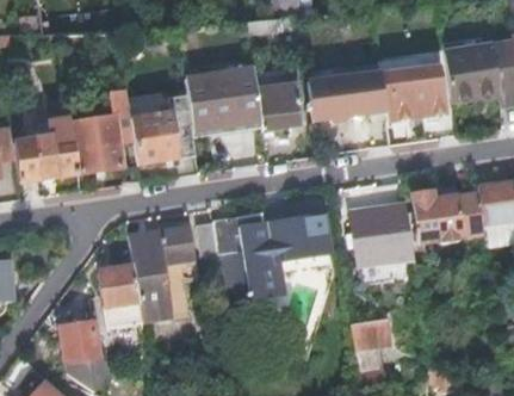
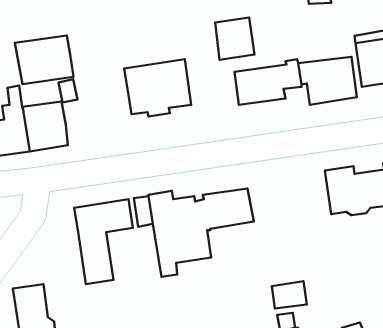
building: [259,81,303,129] -> [215,17,254,60]
building: [132,109,198,163] -> [15,35,73,84]
building: [352,202,414,264] -> none
building: [101,265,143,326] -> none

